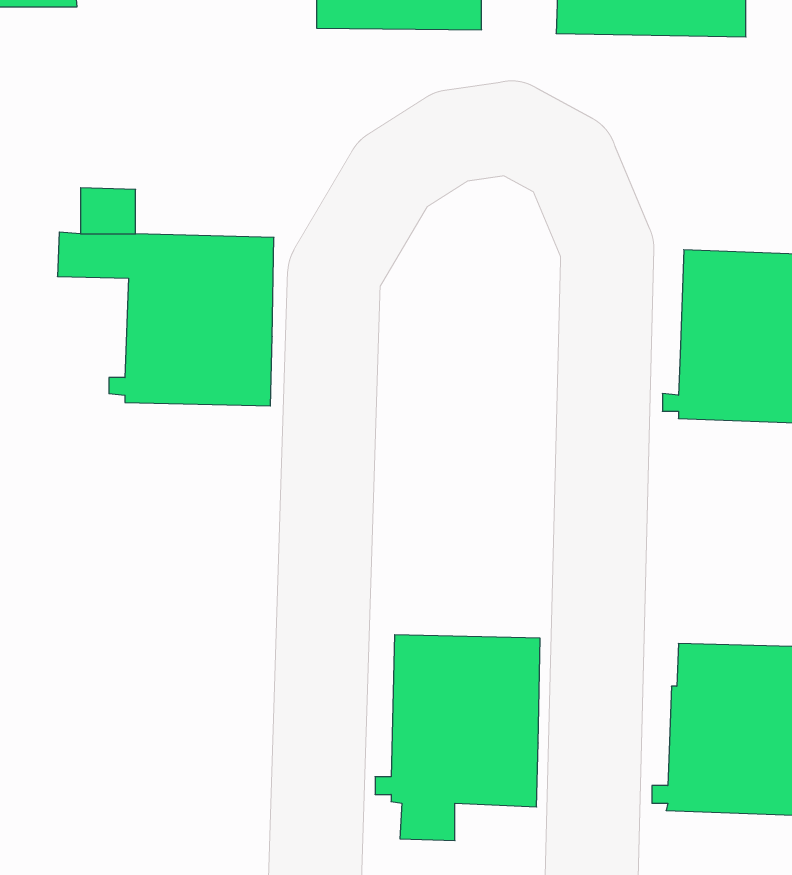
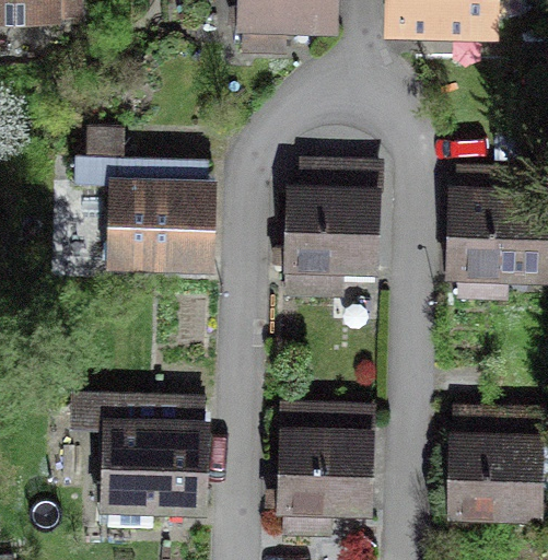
building: none -> [288,165,380,294]
building: none -> [97,402,203,529]

